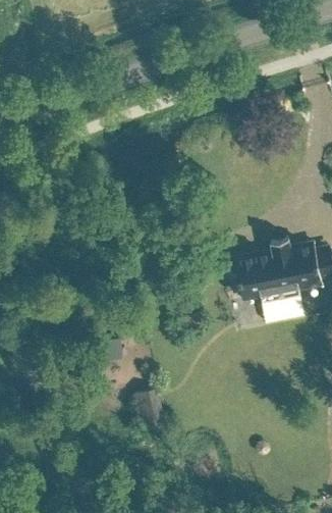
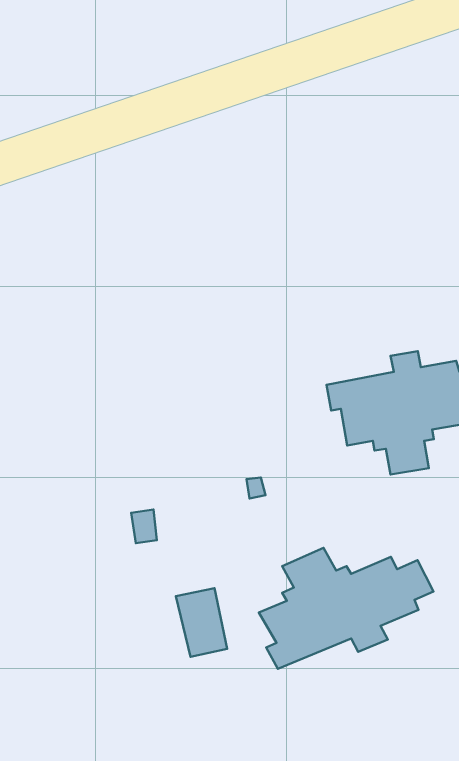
building: none -> [259,548,434,669]

